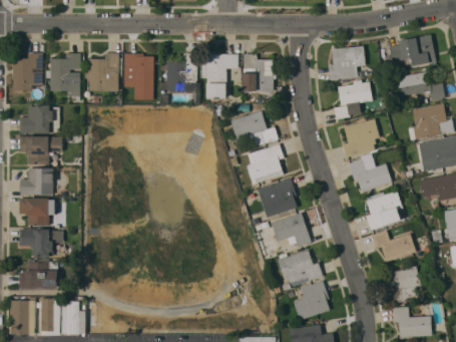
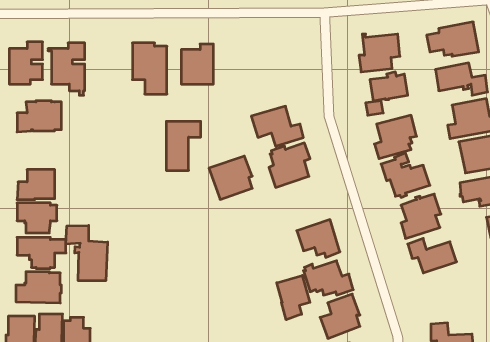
building: [83,53,119,90] -> none
building: [243,53,277,92] -> none
building: [206,54,238,98] -> [166,121,201,170]
building: [19,136,62,163] -> none
building: [258,178,297,217] -> [209,156,252,199]
building: none -> [66,225,108,281]
building: none -> [277,275,310,320]
building: [385,266,421,304] -> none

